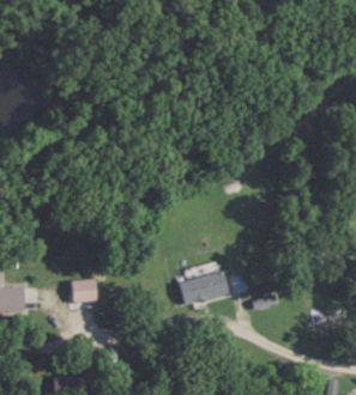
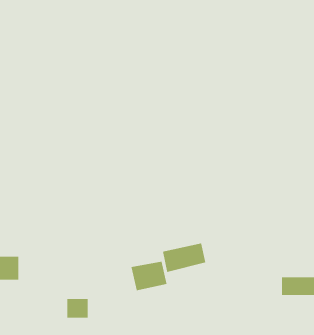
building: [73,280,97,302] -> [67,298,89,318]
building: none -> [131,261,167,291]

